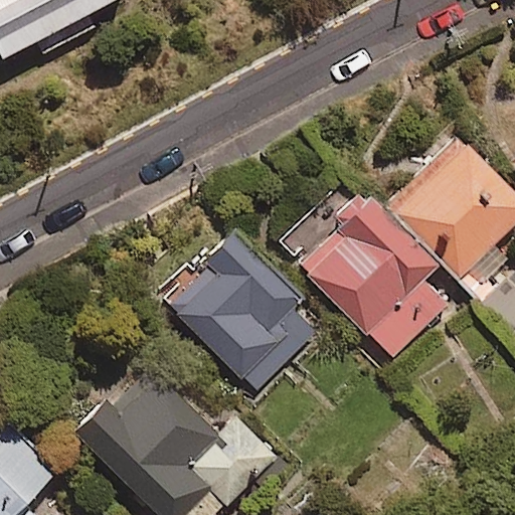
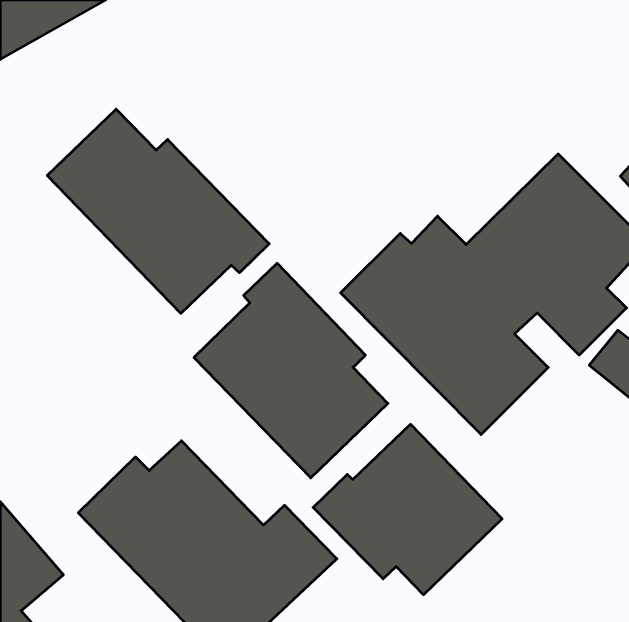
building: none -> [47,109,269,313]
building: none -> [313,424,502,595]

